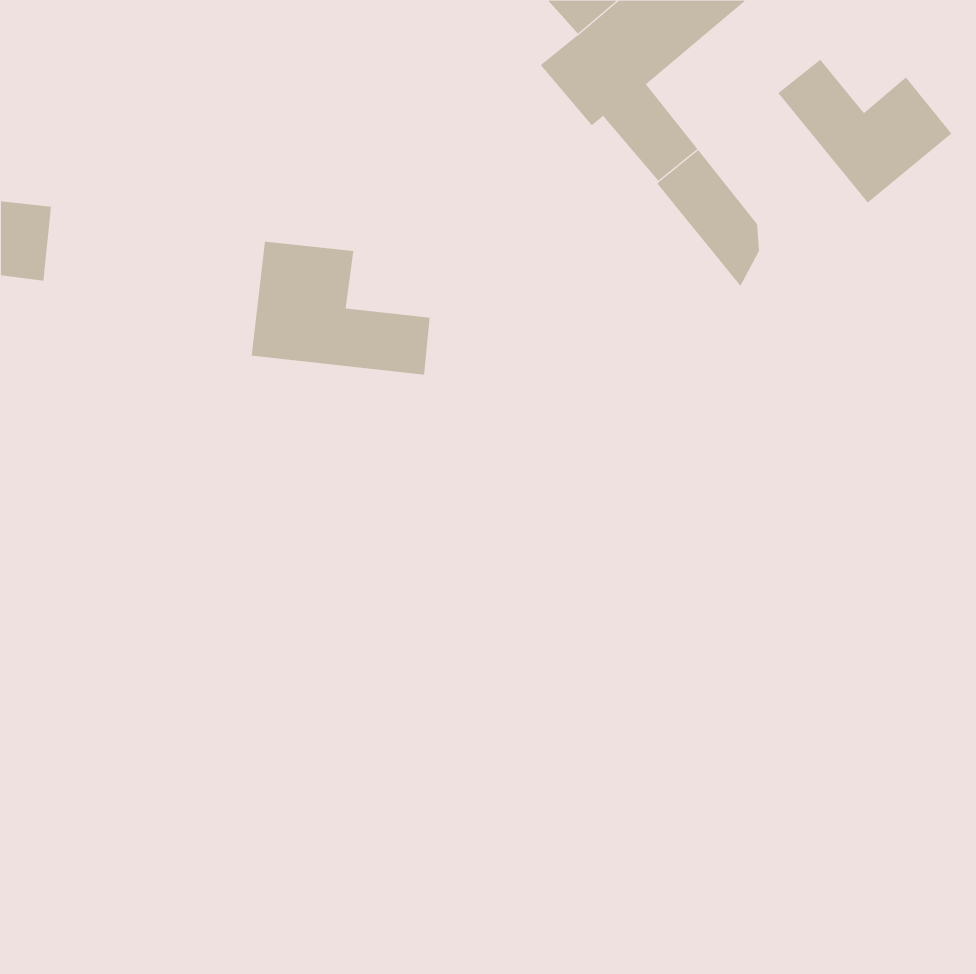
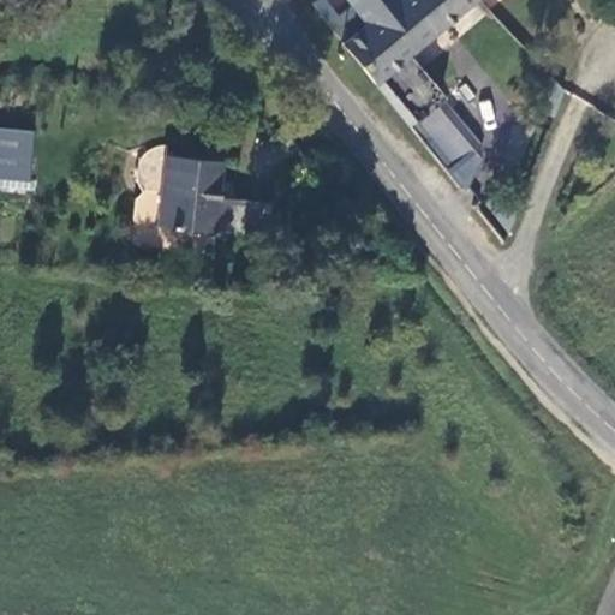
building: [778,59,952,204] -> none
building: none -> [133,147,167,251]

